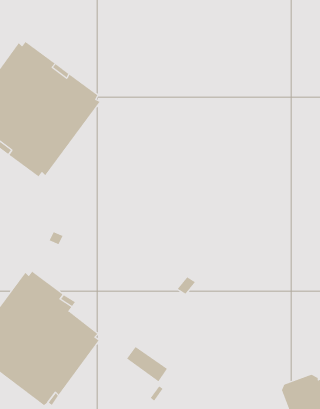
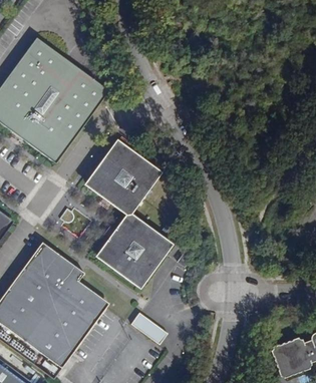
building: none -> [85,141,170,286]

